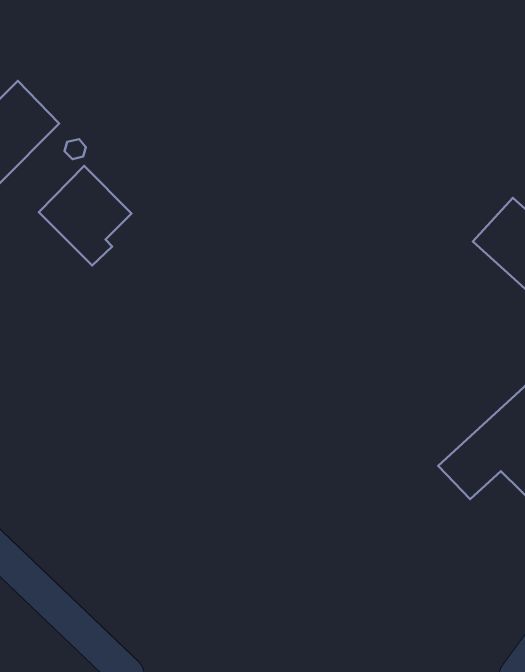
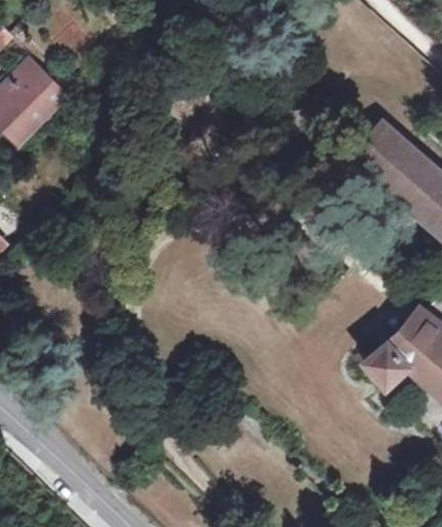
building: none -> [353,121,419,187]
building: [39,166,131,265] -> none

